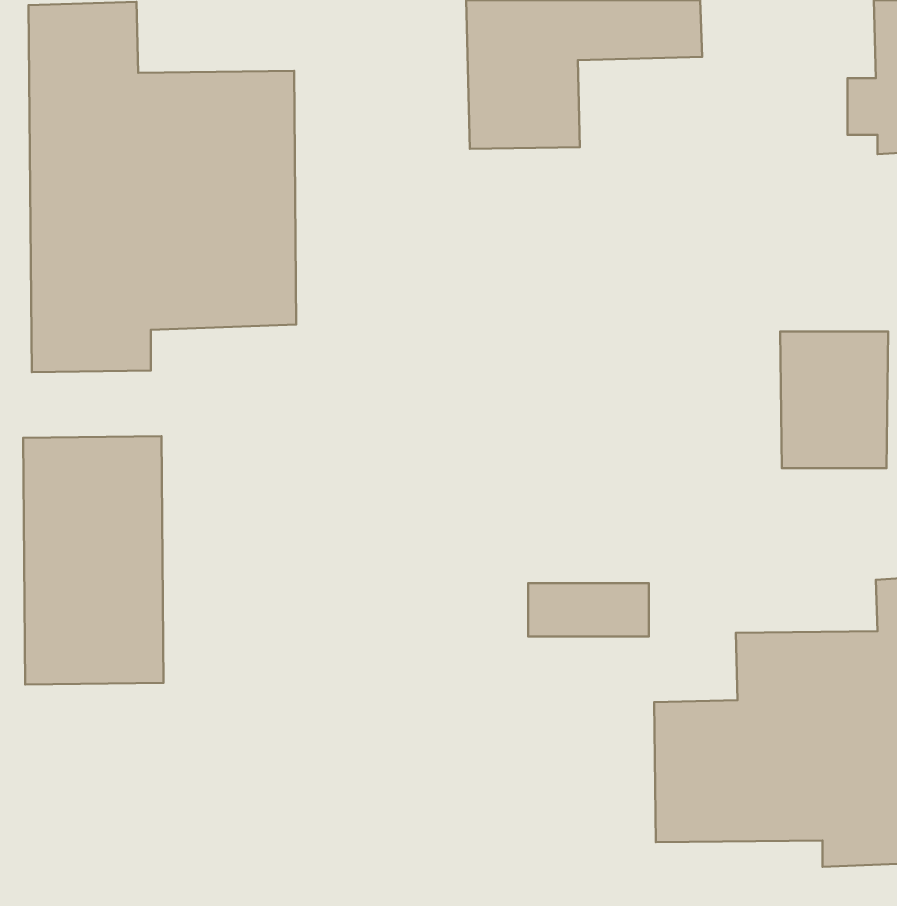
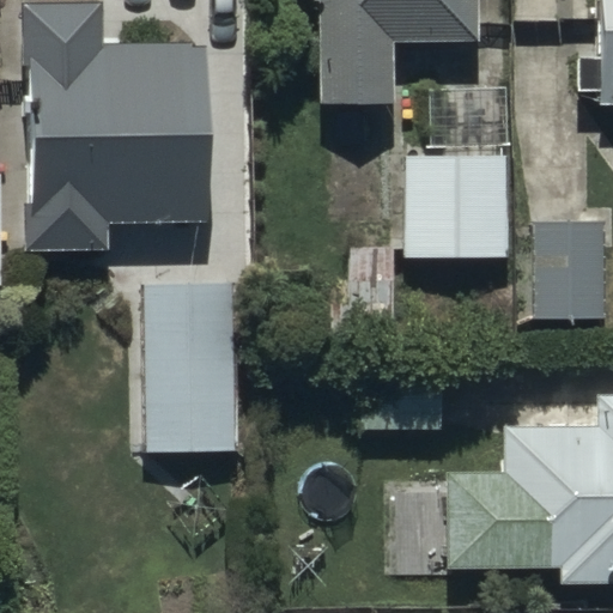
building: none -> [407,83,509,253]
building: [23,436,163,684] -> [142,285,237,453]

